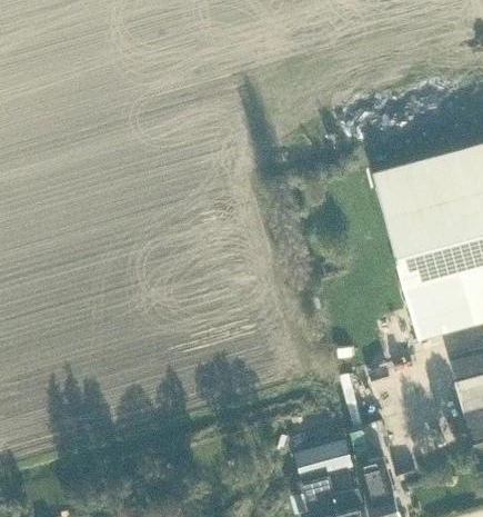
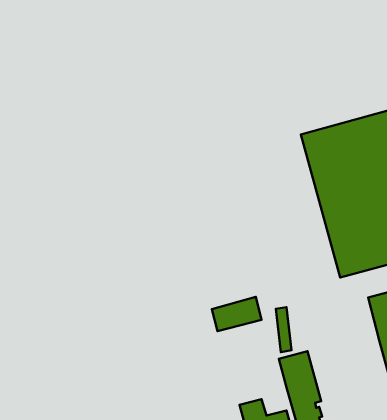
building: [293,443,351,483] -> [212,297,262,331]

